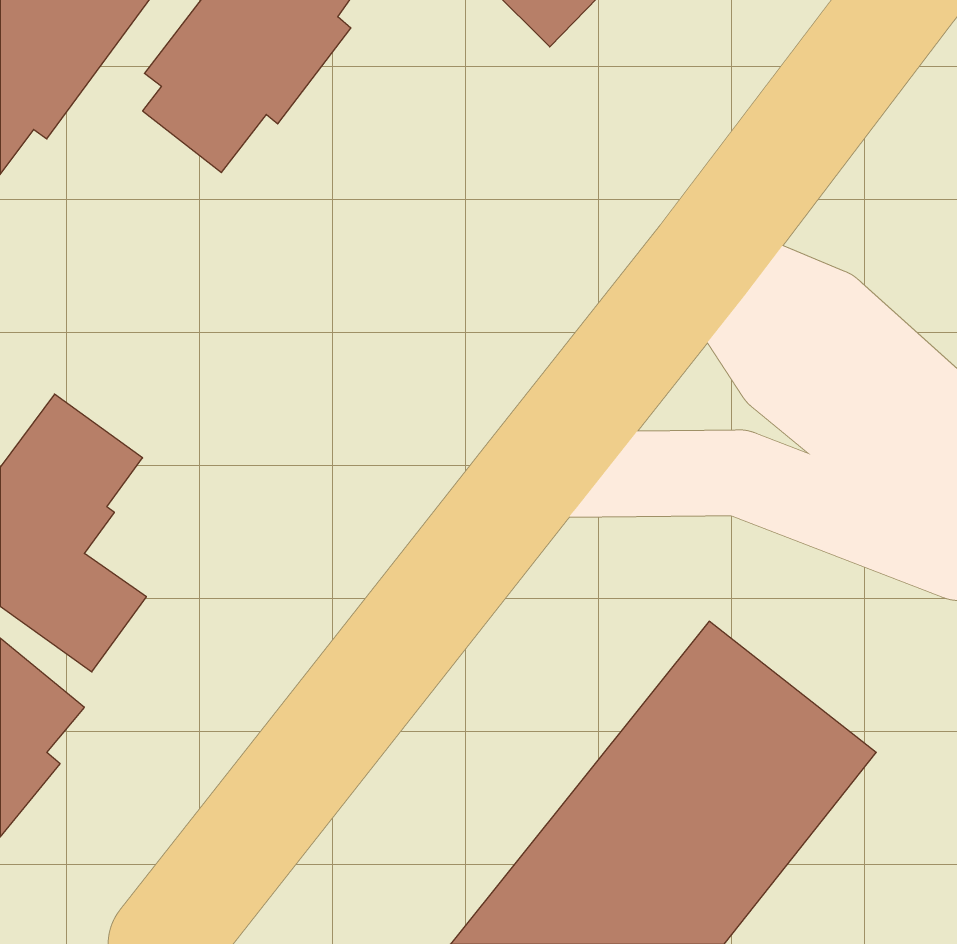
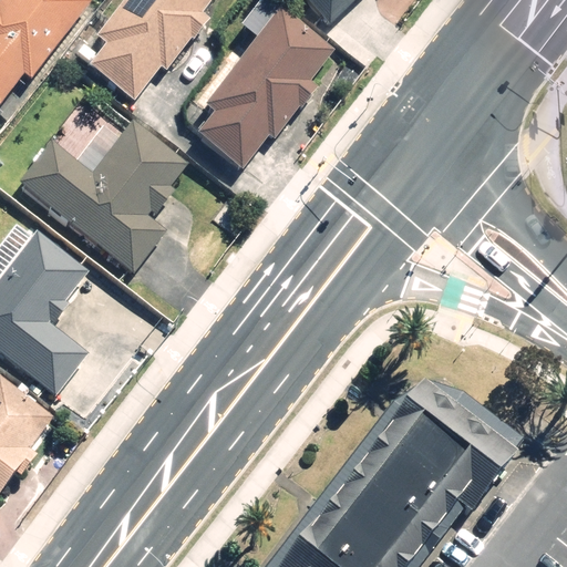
building: none -> [193,6,336,171]
building: none -> [14,102,187,274]

